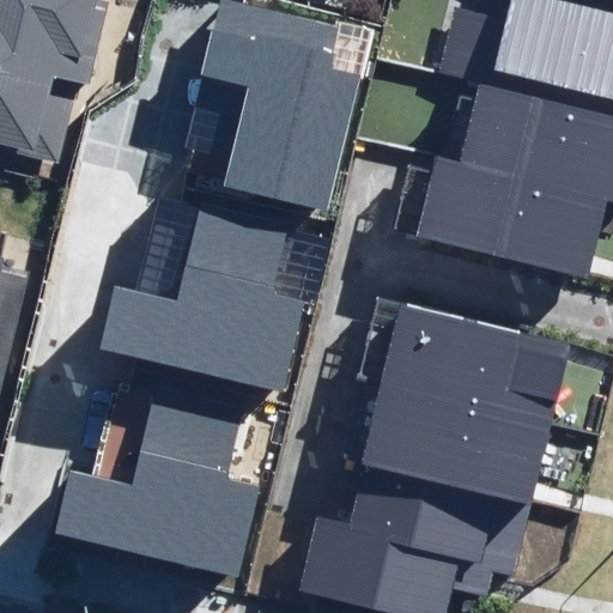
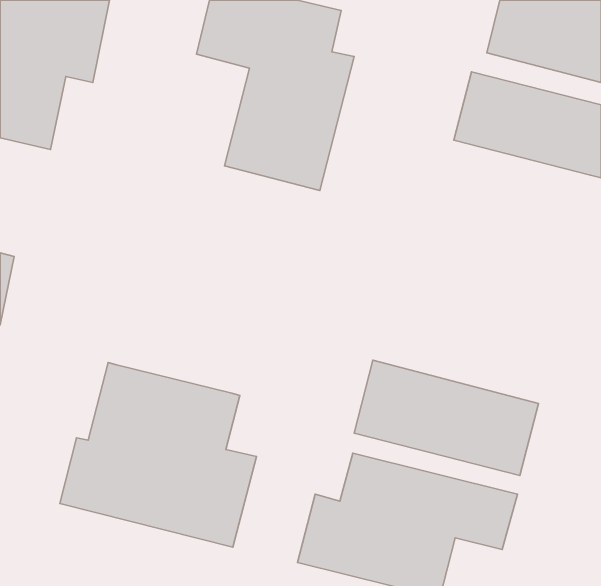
building: [414,152,601,278] -> none
building: [105,196,305,415] -> none
building: [380,306,568,426] -> none

